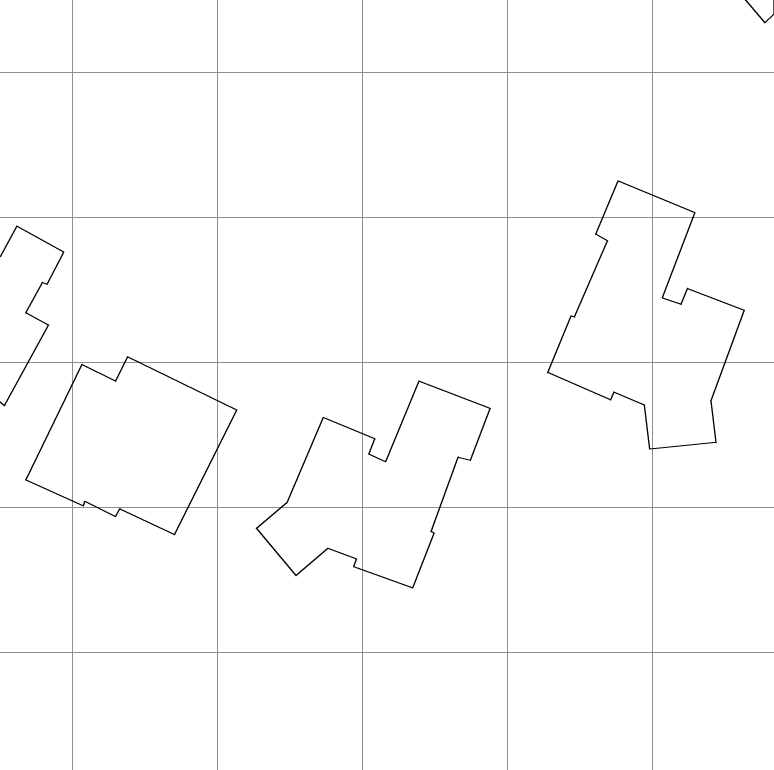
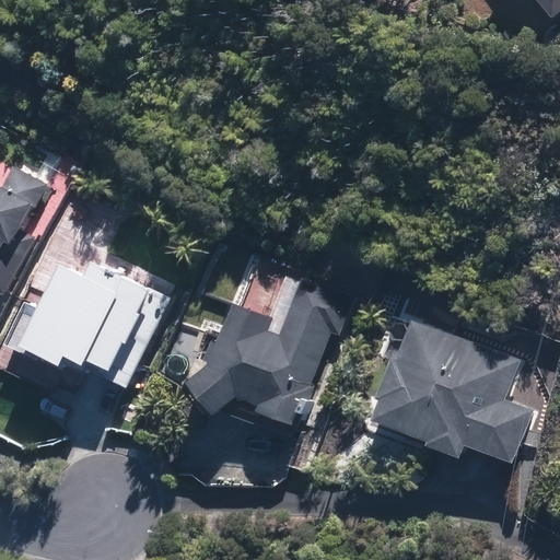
building: [548,181,744,449] -> none
building: none -> [365,322,528,466]

